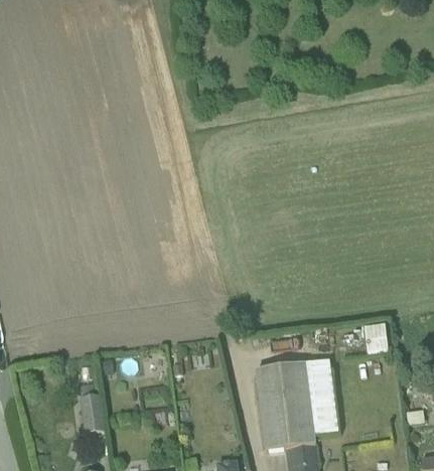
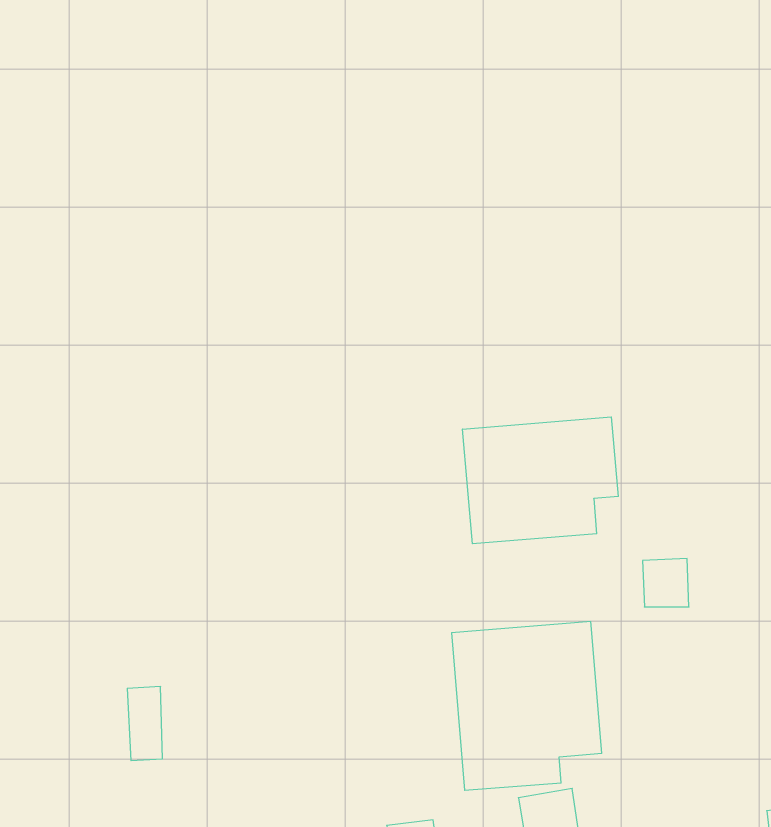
building: none -> [463,417,618,544]

